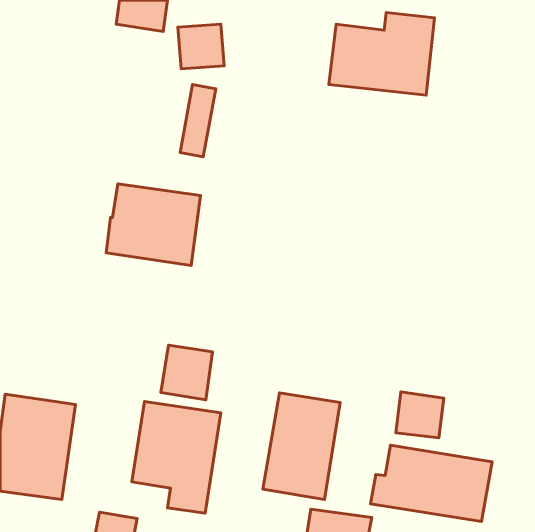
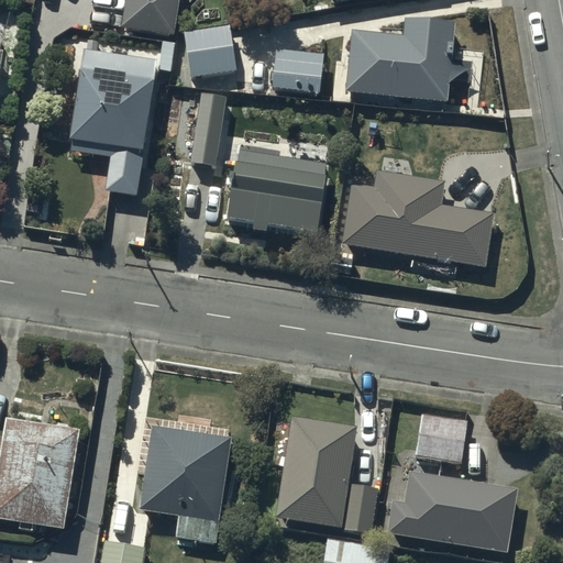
building: none -> [69,49,157,196]
building: none -> [274,49,323,90]
building: none -> [345,174,493,263]
building: [106,184,201,265] -> [228,152,327,238]
building: [161,345,213,400] -> none

